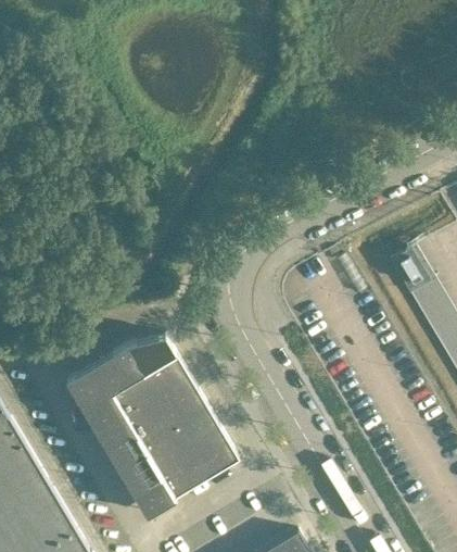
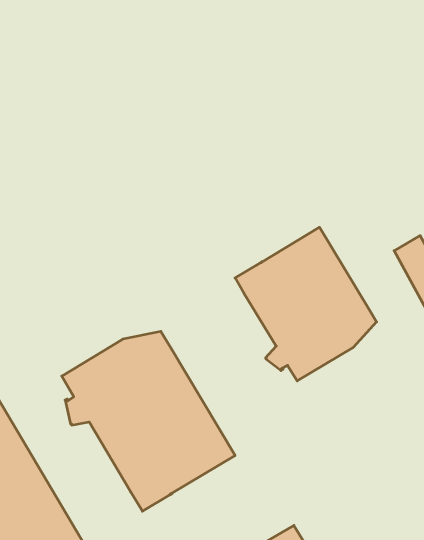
building: none -> [235,227,377,381]

